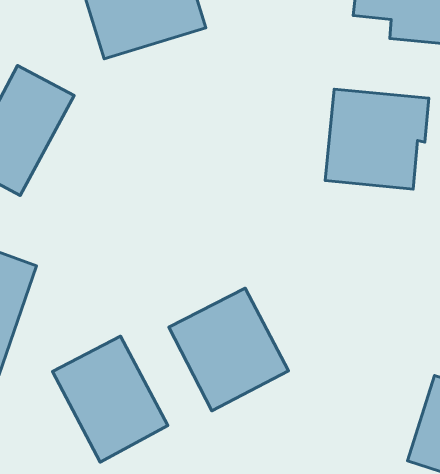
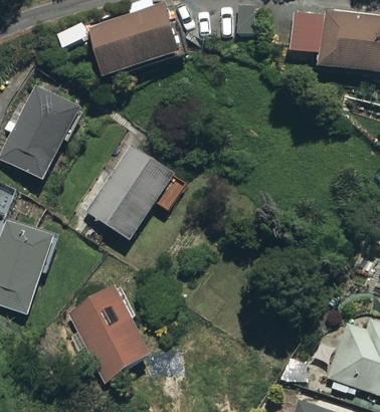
building: [325,89,429,189] -> none
building: none -> [85,143,188,239]
building: [169,288,289,411] -> none

